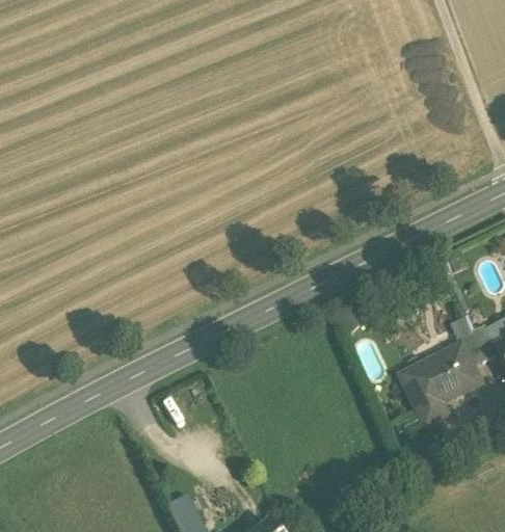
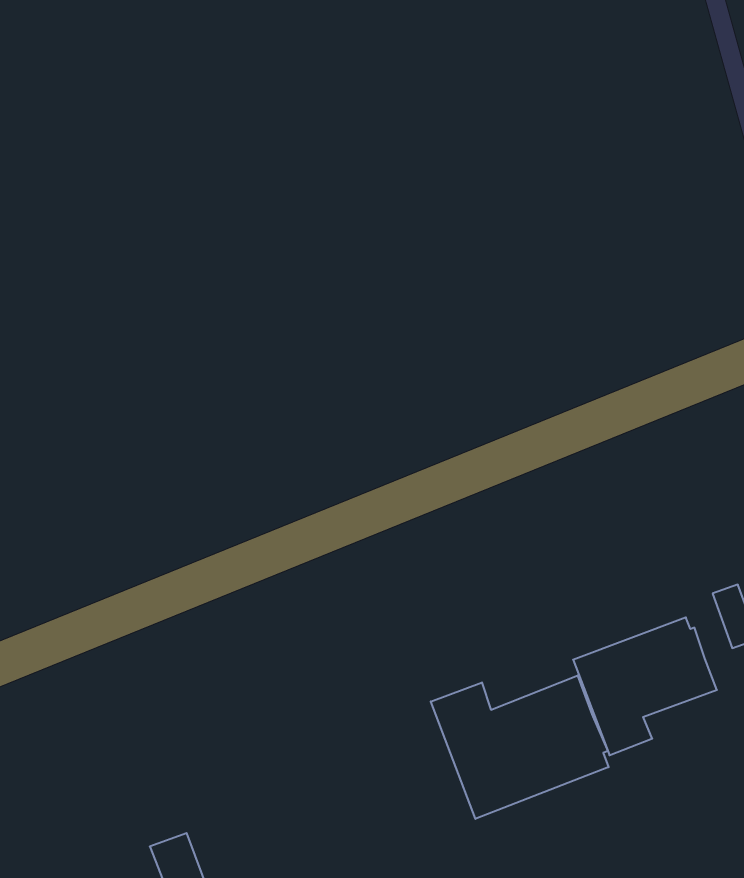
building: [454,329,484,366] -> none
building: none -> [431,675,609,819]

